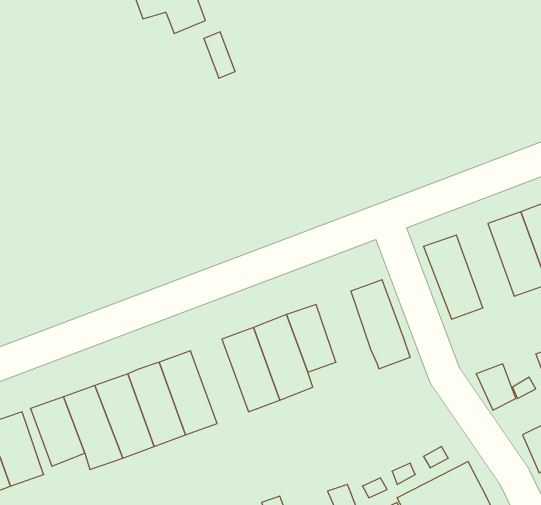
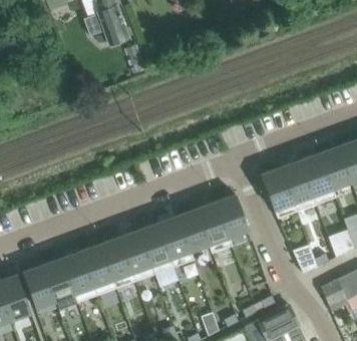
building: none -> [281,159,316,211]
building: none -> [196,201,233,253]
building: none -> [119,230,154,281]

